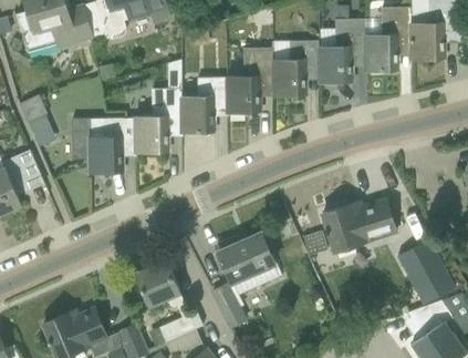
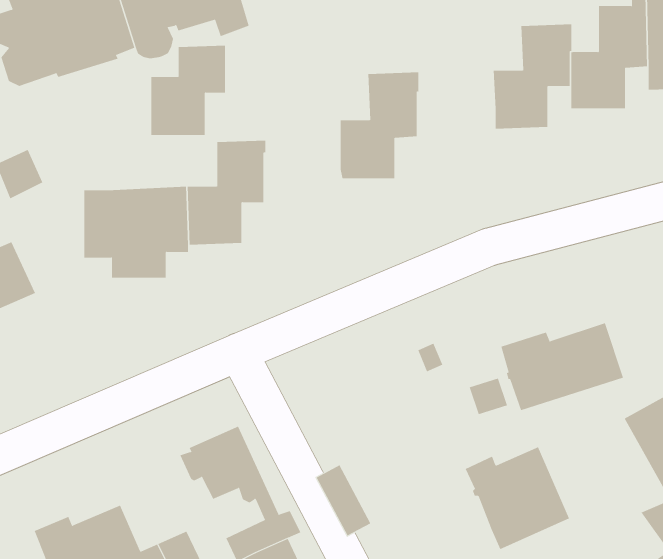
building: [272,41,319,95] -> none
building: [180,78,226,132] -> [150,45,226,135]
building: [216,233,279,295] -> [465,447,570,550]

